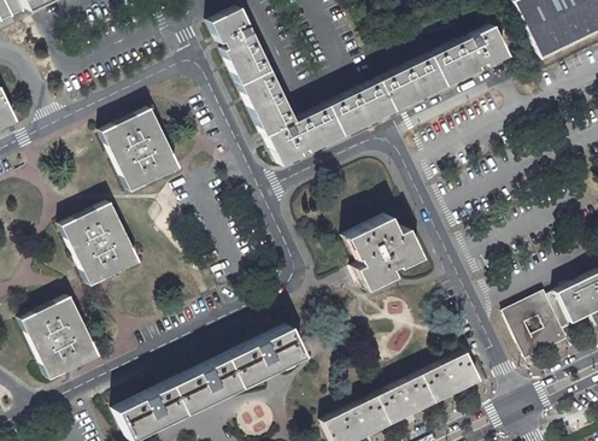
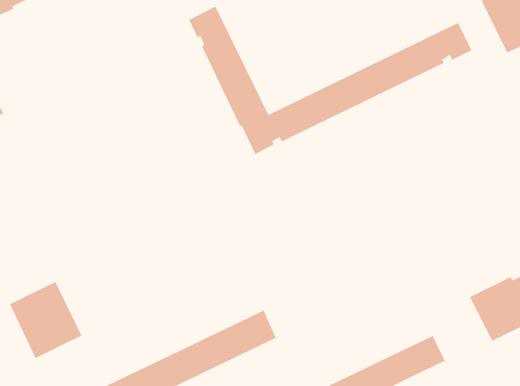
building: [101,108,178,190] -> none
building: [61,204,139,286] -> none
building: [347,216,420,287] -> none

